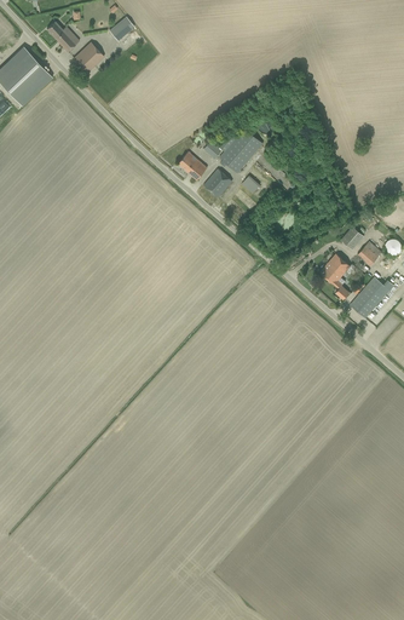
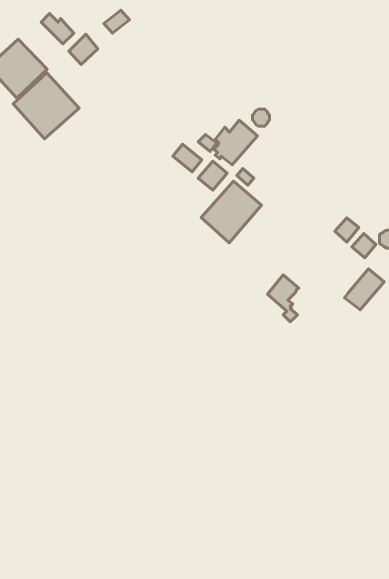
building: none -> [13,73,79,139]
building: none -> [201,181,261,243]
building: [321,253,352,300] -> [267,275,299,322]

